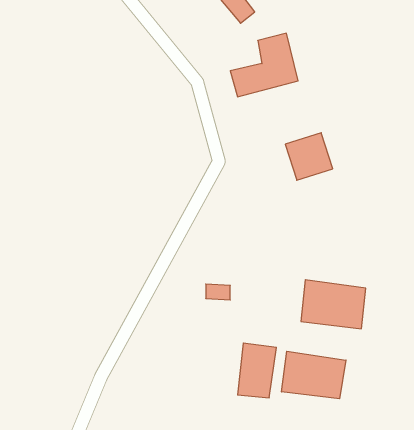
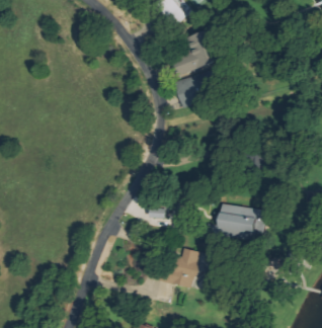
building: [285,133,333,180] -> [172,74,206,107]
building: [282,351,346,399] -> none

